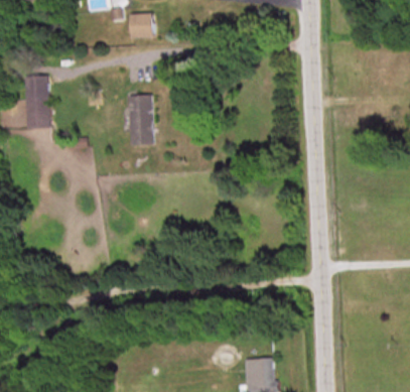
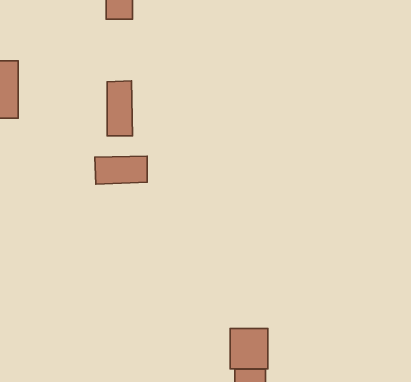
building: none -> [95,156,147,184]
building: none -> [230,328,268,369]

